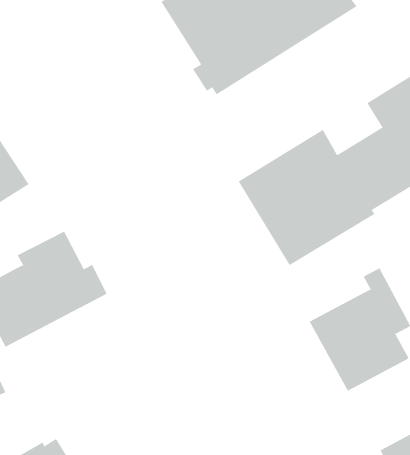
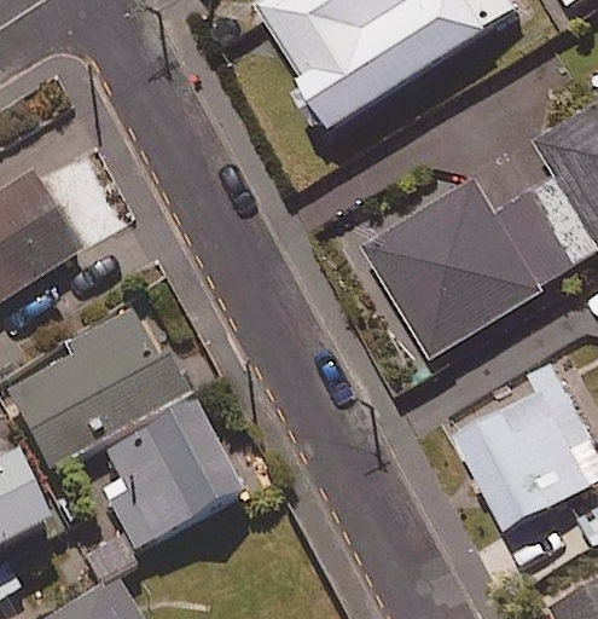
building: none -> [100,404,242,553]

